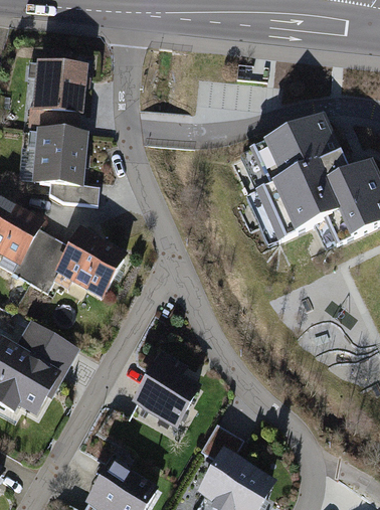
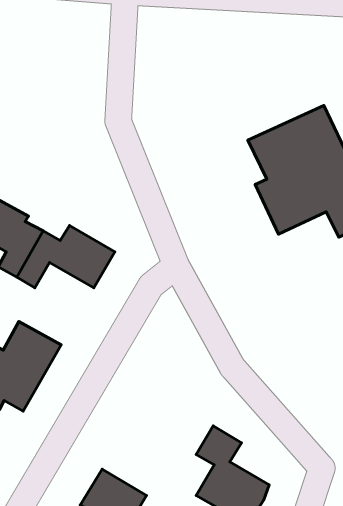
building: [27,62,81,128] -> none
building: [37,130,99,203] -> none
building: [137,357,195,420] -> none

